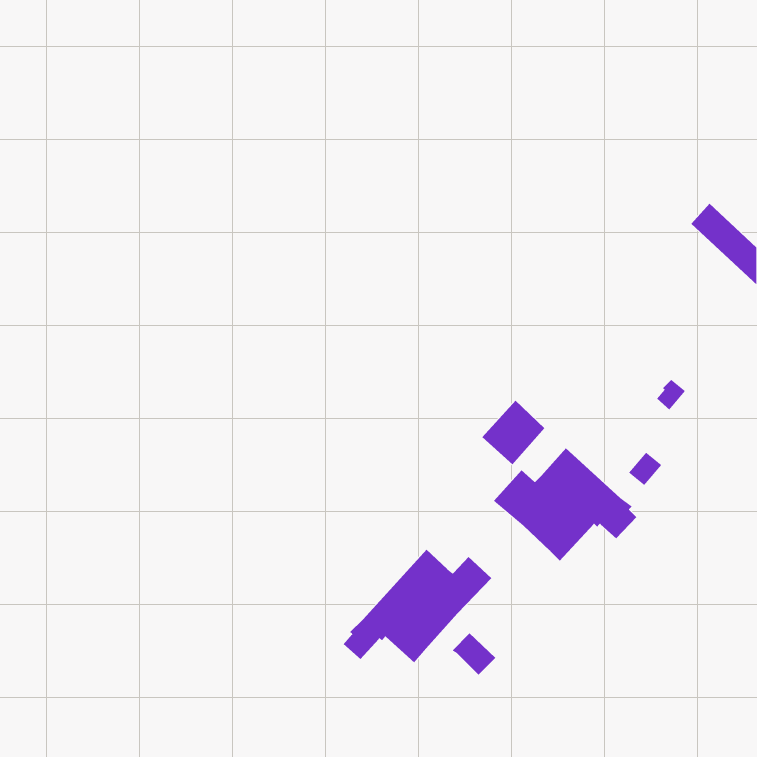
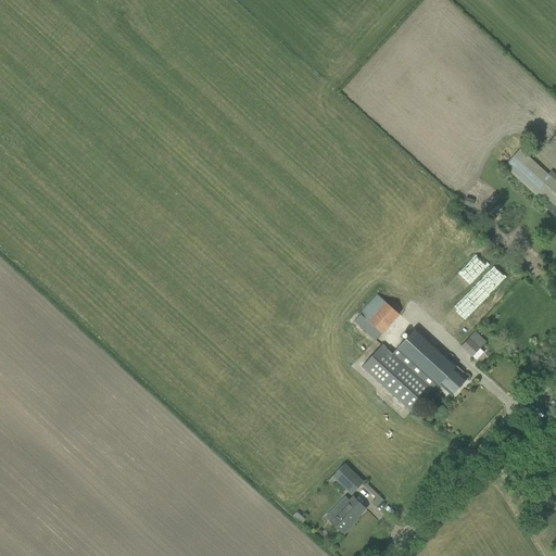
building: [343,549,492,663] -> none
building: none -> [329,495,365,533]

